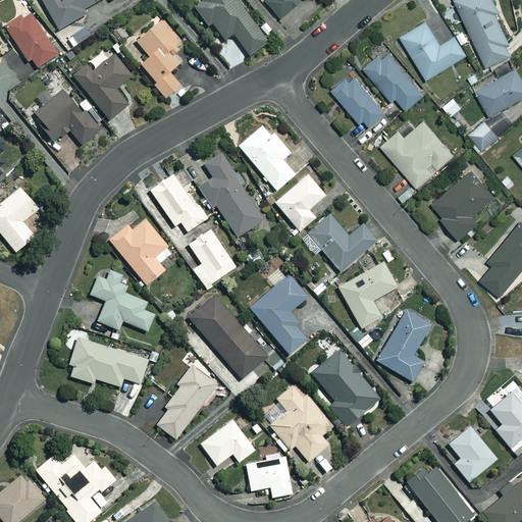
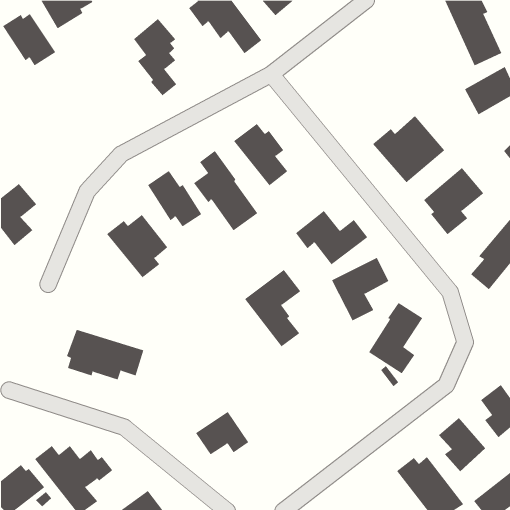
building: [400,22,466,81] -> none
building: [363,43,424,110] -> none
building: [72,55,132,120] -> none
building: [332,72,386,126] -> none
building: [35,90,101,145] -> none
building: [468,119,500,150] -> none
building: [275,174,326,231] -> none
building: [188,229,236,288] -> none
building: [90,271,155,330] -> none
building: [189,296,267,380] -> none
building: [312,348,382,426] -> none
building: [156,360,219,439] -> none
building: [260,383,330,461] -> none
building: [245,456,293,498] -> none

